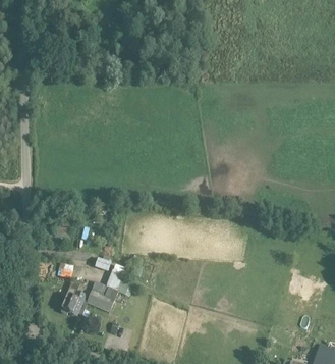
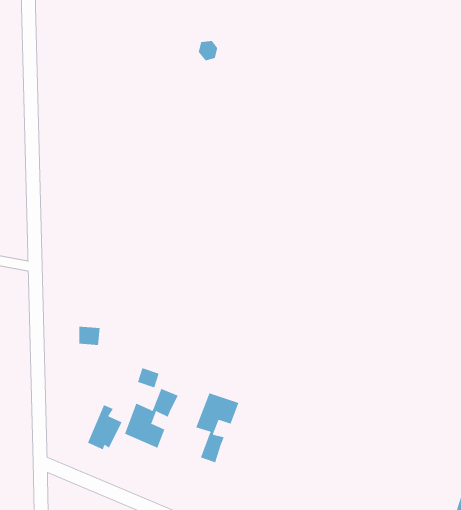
building: none -> [195,393,239,463]

